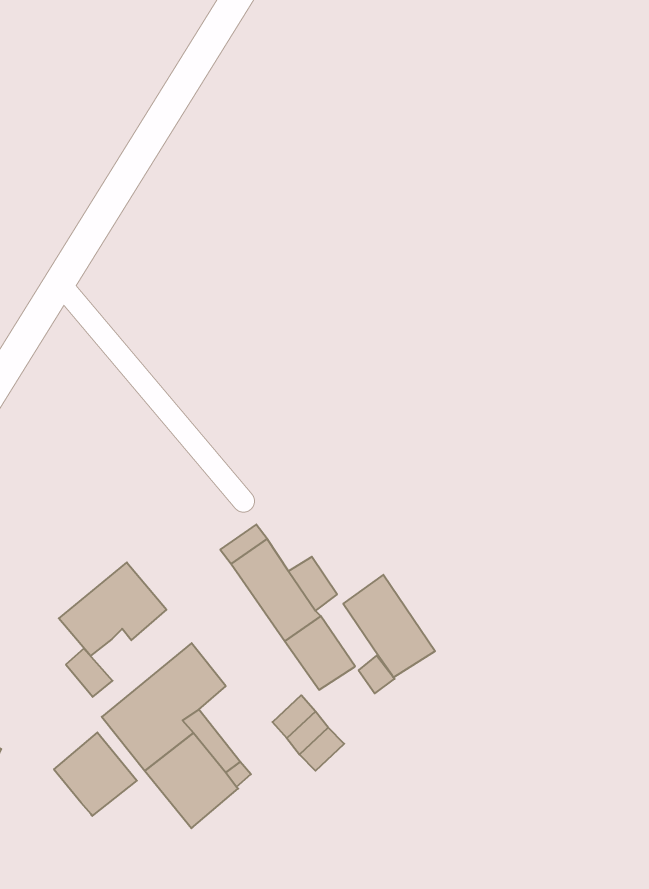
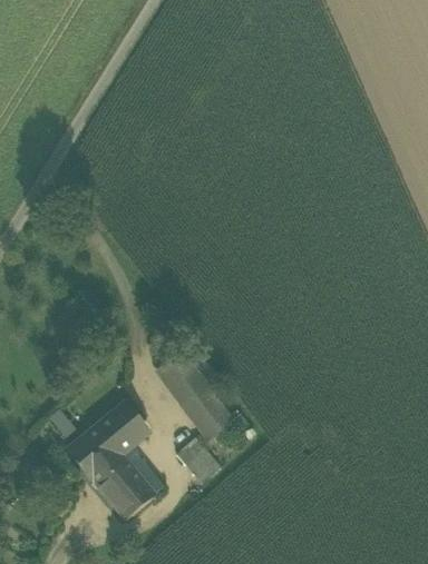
building: [59,562,166,656] -> none
building: [343,575,435,677] -> none
building: [54,732,137,816] -> none

